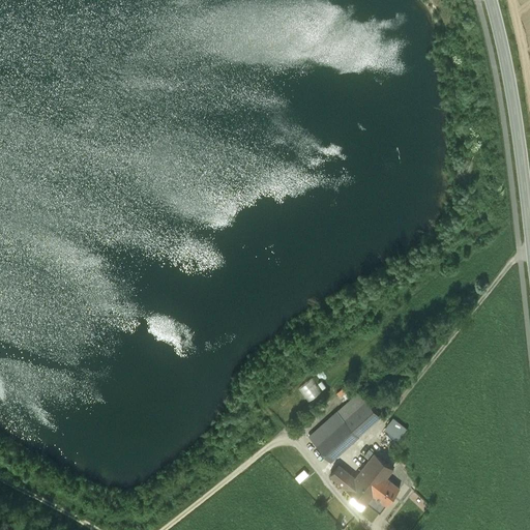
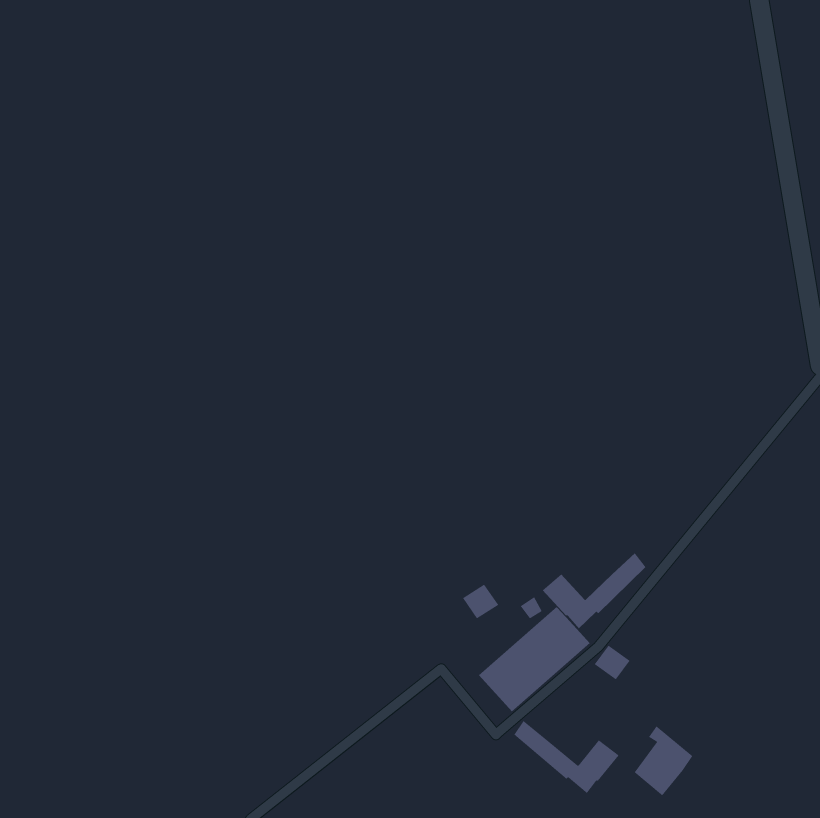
building: none -> [542,553,646,629]
building: [354,449,392,495] -> [634,726,693,796]

